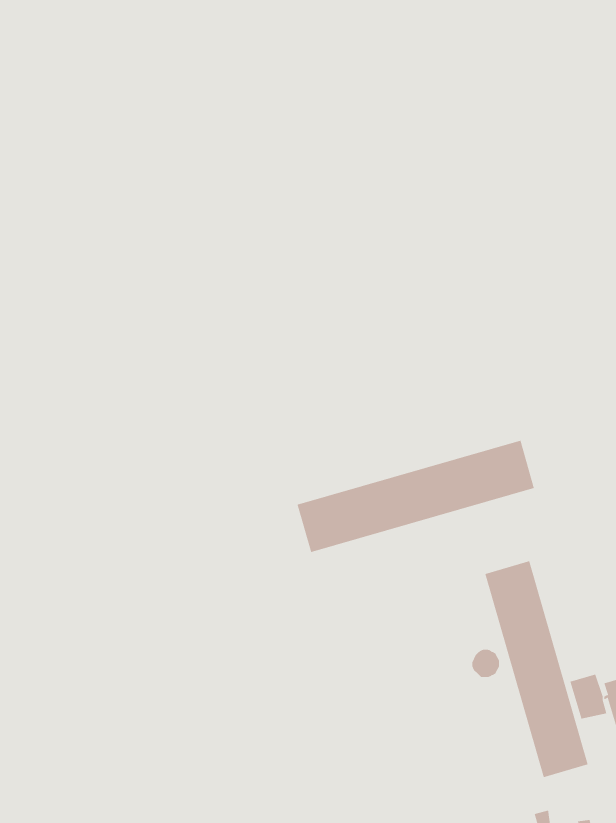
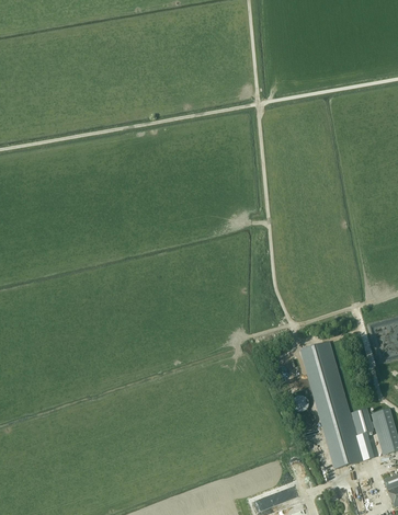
building: [297,440,534,553] -> none

